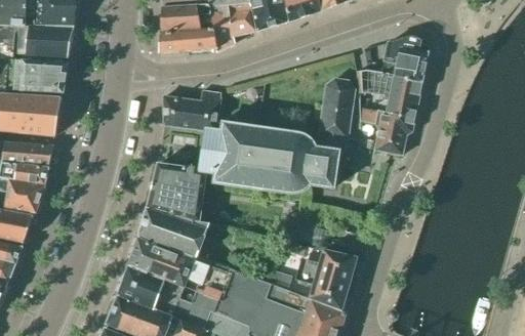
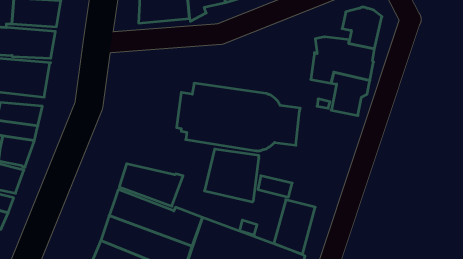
building: [317,77,355,151] -> none
building: [163,90,221,132] -> none
building: [147,163,207,221] -> [204,149,259,202]

